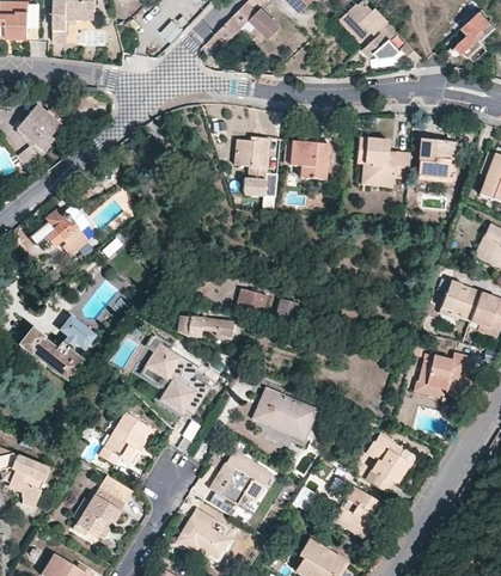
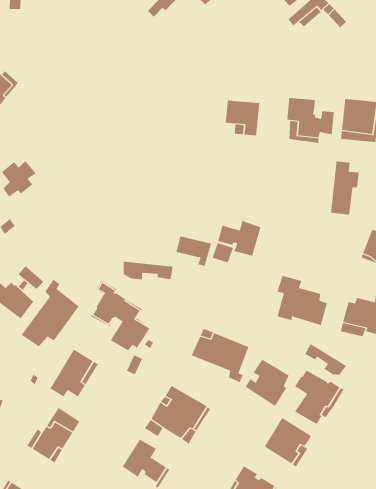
building: [234,137,276,197] -> none
building: none -> [330,161,359,215]
building: none -> [217,220,261,257]
building: none -> [277,275,328,326]
building: none -> [21,279,79,347]
building: none -> [304,343,347,375]
building: none -> [245,359,289,407]

